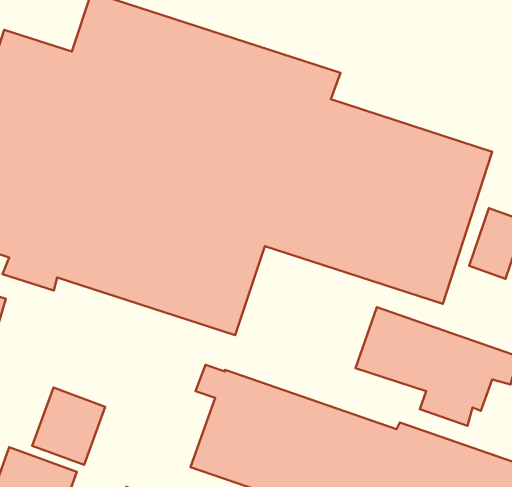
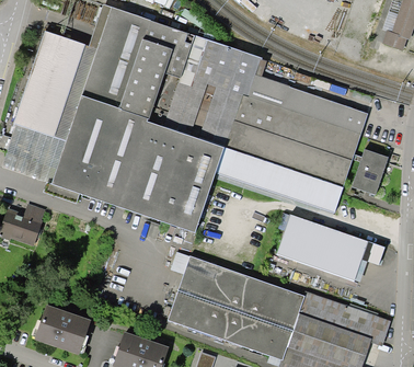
building: [32,388,105,465] -> none

